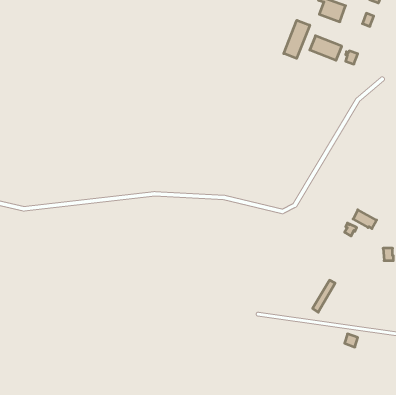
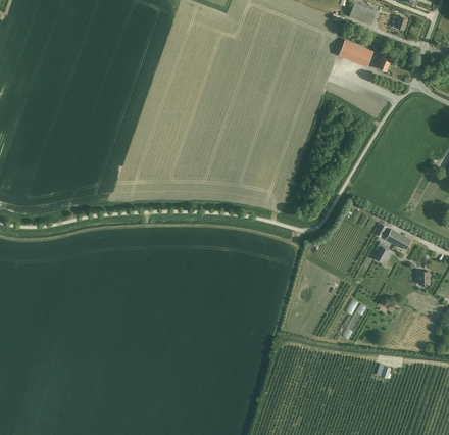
building: [284,20,310,58] -> none

